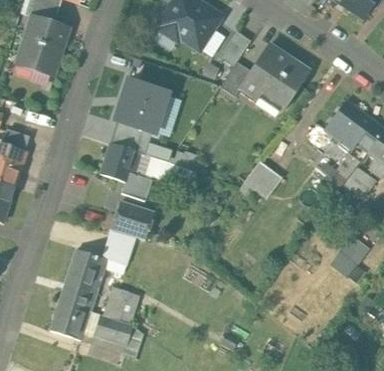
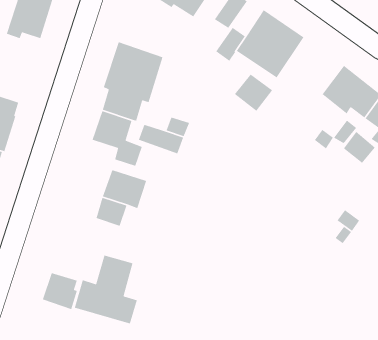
building: [243,162,281,199] -> [234,74,273,112]
building: [60,250,108,311] -> none

